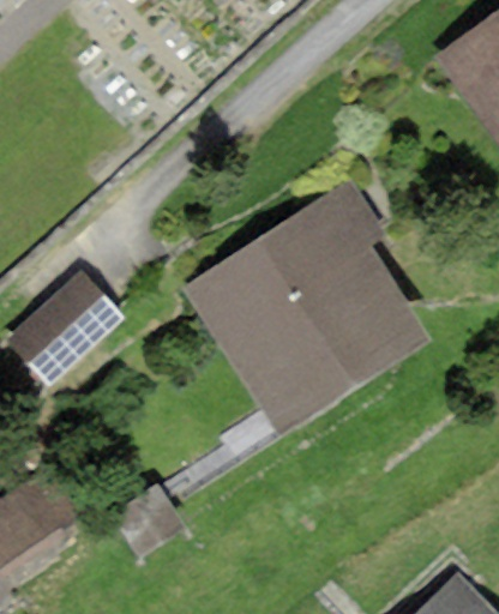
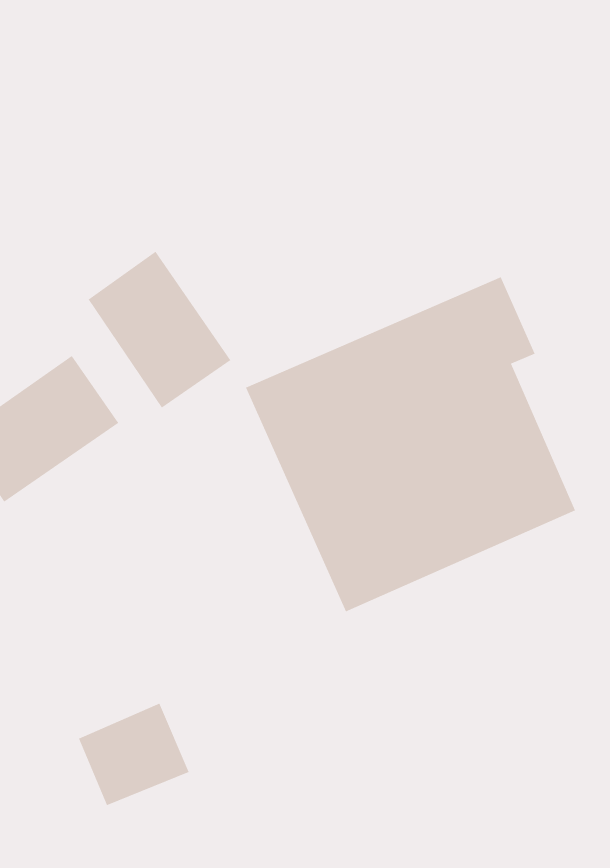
building: none -> [88,251,231,408]

